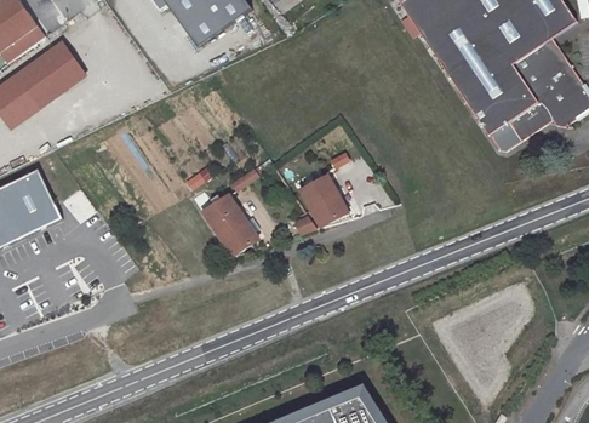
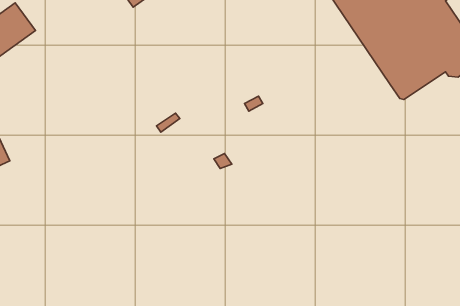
building: [294,175,339,225] -> none
building: [196,193,250,256] -> none

